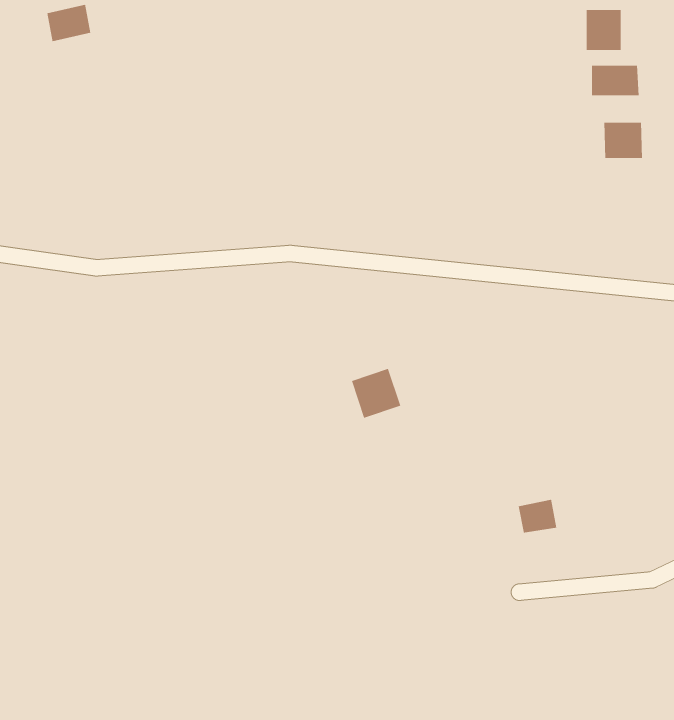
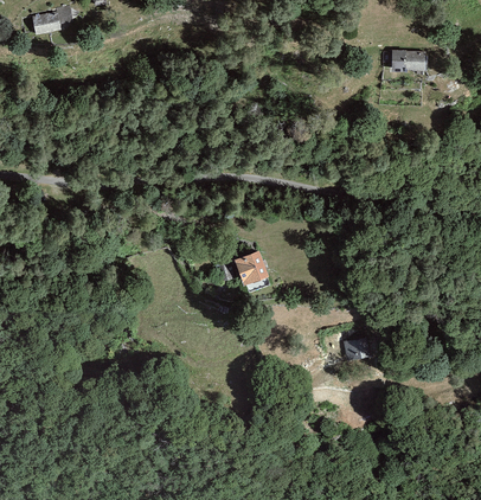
building: [586,9,621,51] -> none
building: [604,122,642,159] -> none

